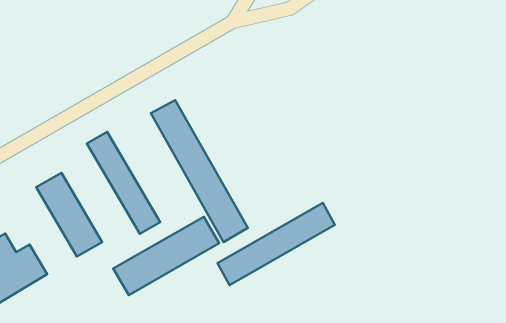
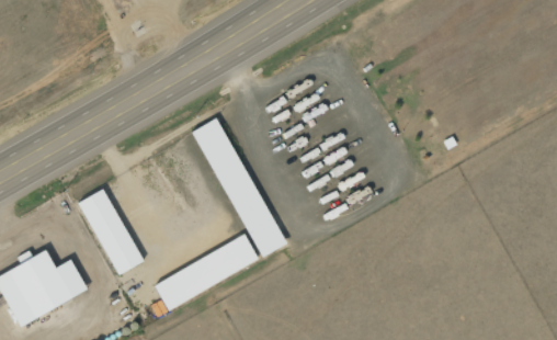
building: [87,132,160,234] -> none
building: [217,203,335,285] -> none

